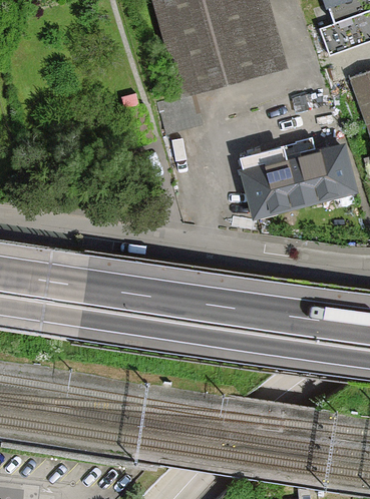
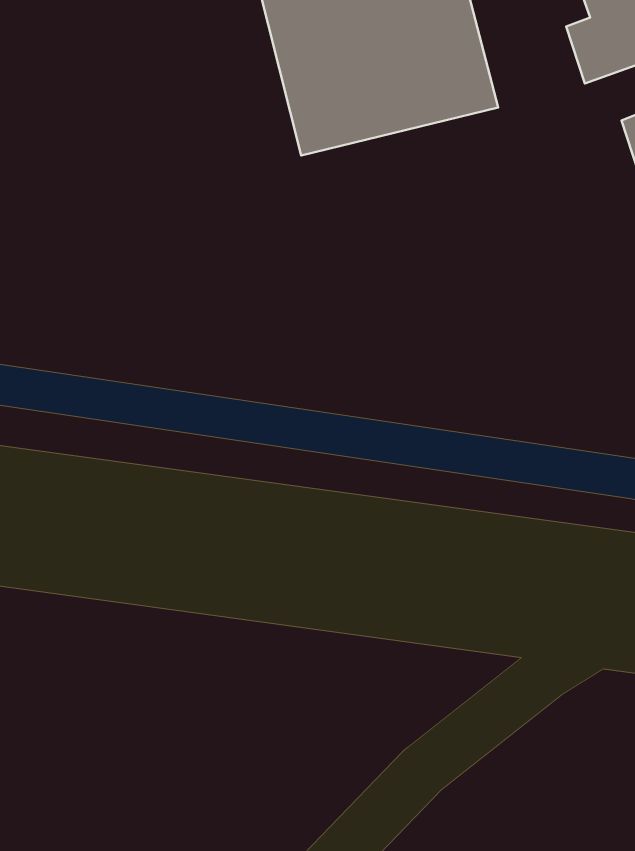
building: [238,144,353,220] -> none

